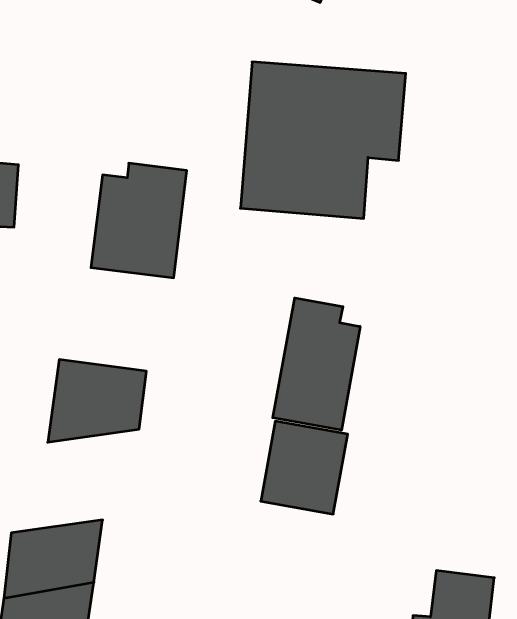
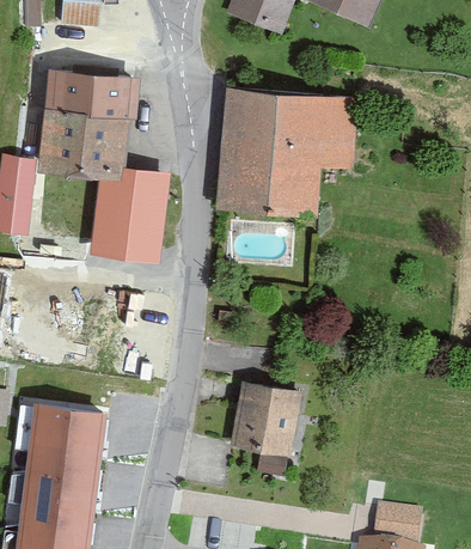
building: none -> [36,68,141,179]
building: [273,298,360,430] -> none
building: [48,360,146,442] -> [25,404,106,472]

